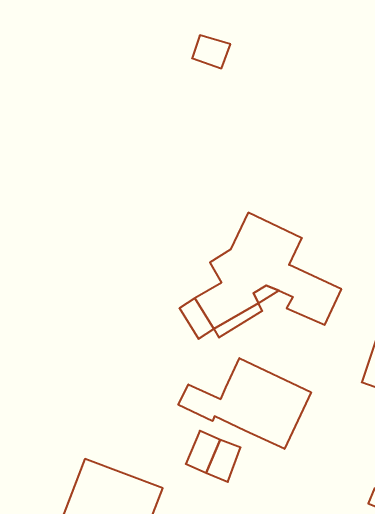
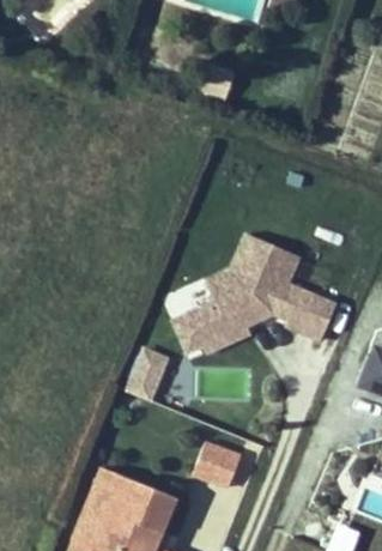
building: none -> [122,349,171,405]
building: [178,358,311,449] -> none

